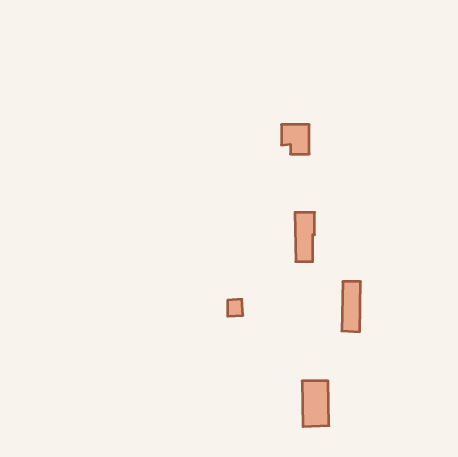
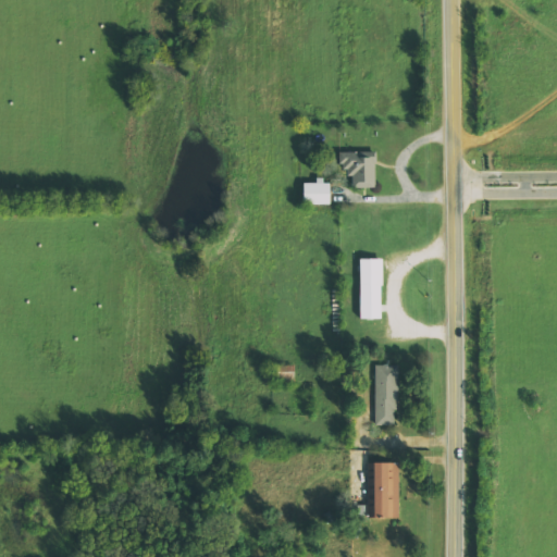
building: none -> [302,180,330,203]
building: [342,282,361,332] -> [374,364,397,425]

